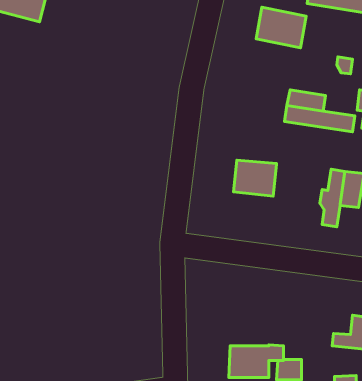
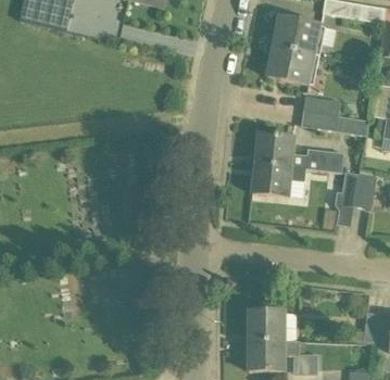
building: none -> [266,47,315,86]
building: none -> [254,134,342,173]
building: none -> [248,311,285,341]

